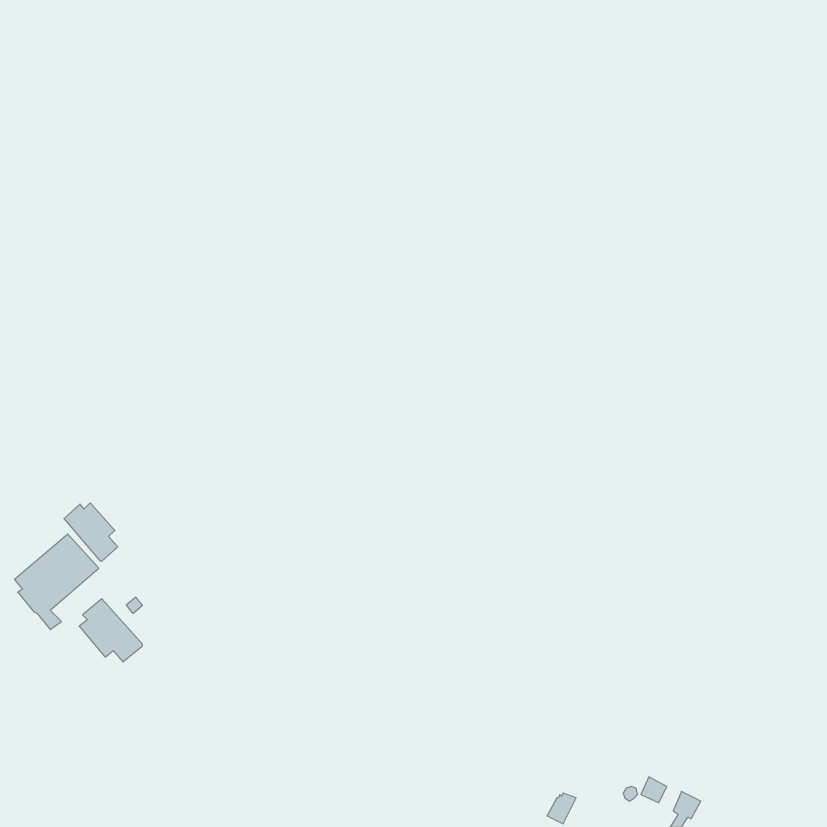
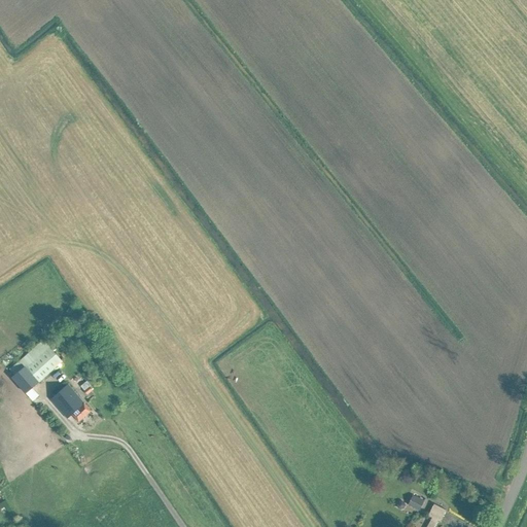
building: [64,503,118,561] -> none

